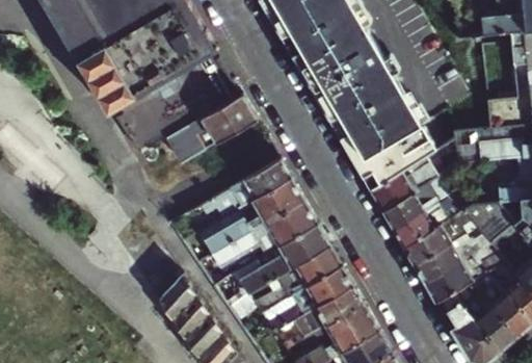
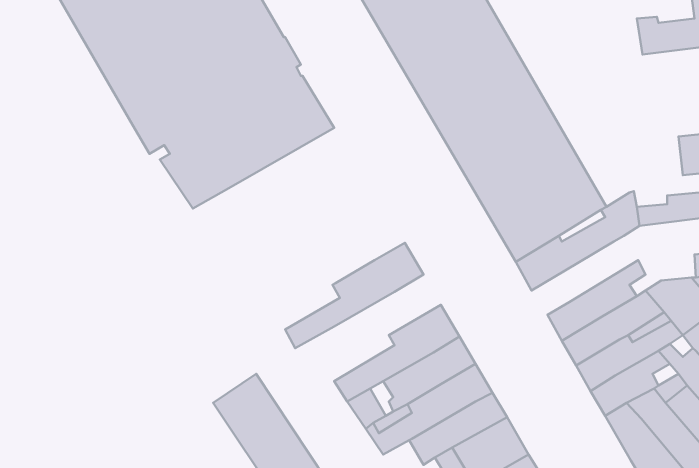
building: [165,95,257,164] -> none
building: [190,160,292,223] -> none
building: [383,174,460,231] -> none
building: [213,202,318,268] -> none

